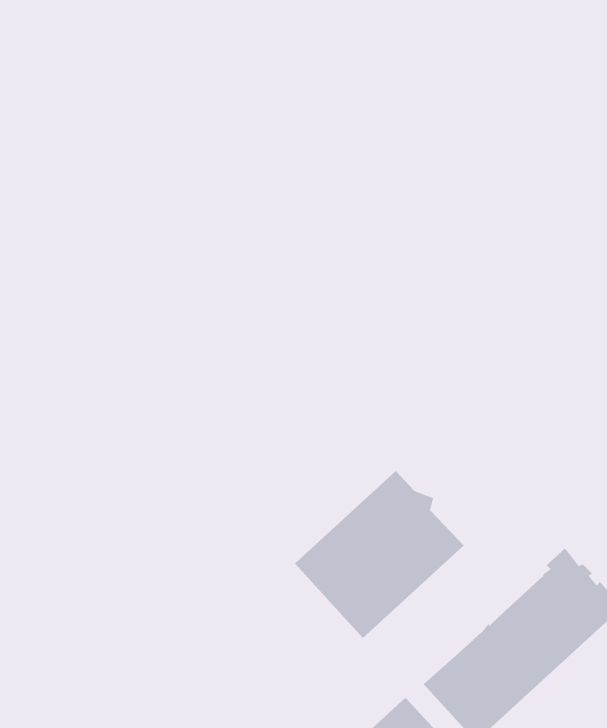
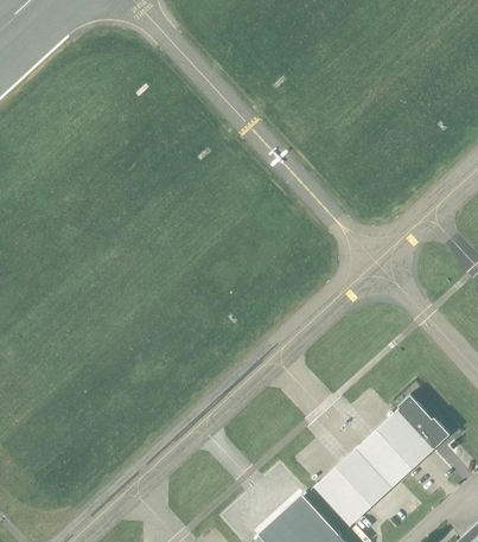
building: [294,470,464,639] -> none

